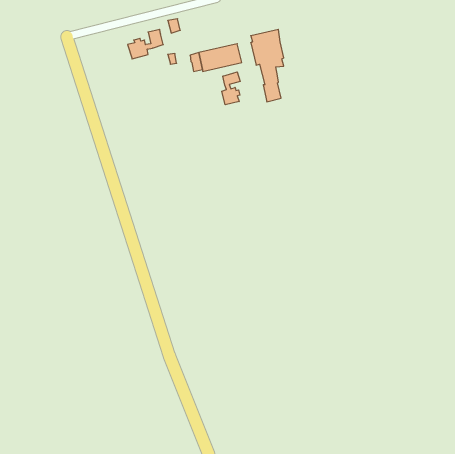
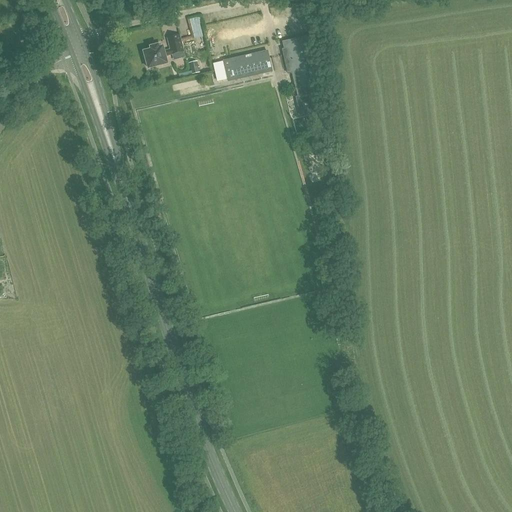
building: [222,72,240,105] -> none

